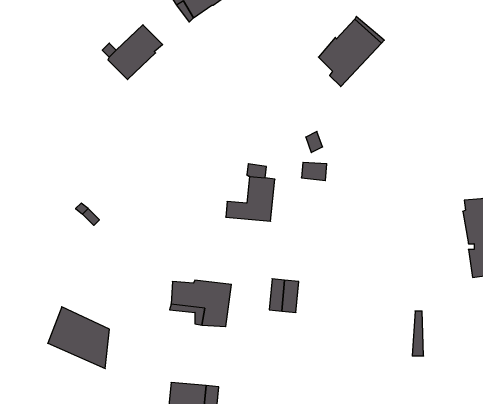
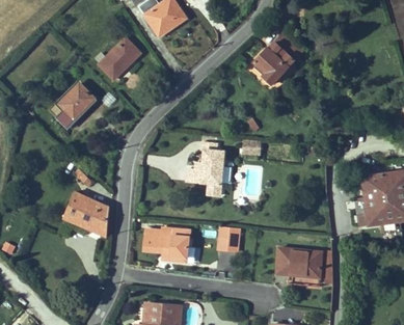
building: none -> [59,83,93,118]
building: [48,307,109,369] -> [63,191,109,237]
building: none -> [276,247,322,275]

